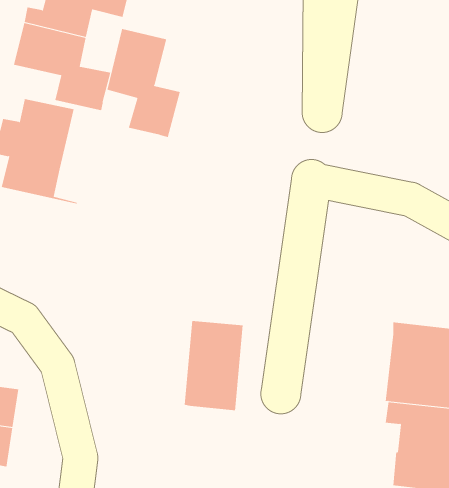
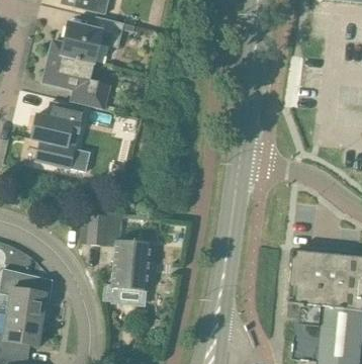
building: [107,28,181,138] -> none
building: none -> [85,212,107,246]
building: [184,321,243,411] -> [110,241,150,300]

